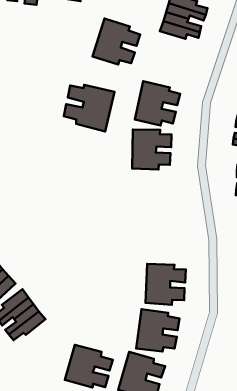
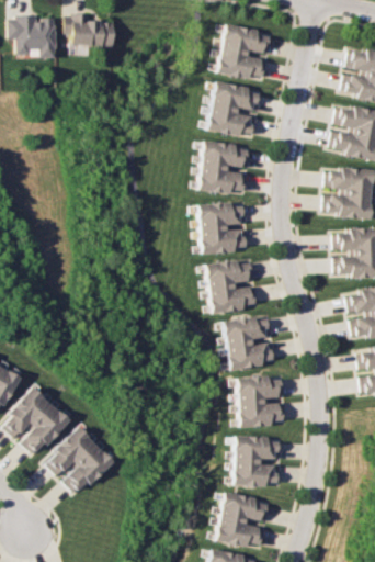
building: [93,19,140,64] -> [205,80,263,137]
building: [64,85,115,131] -> none
building: none -> [203,259,259,315]
building: none -> [221,315,277,371]
building: [65,345,113,388] -> none

